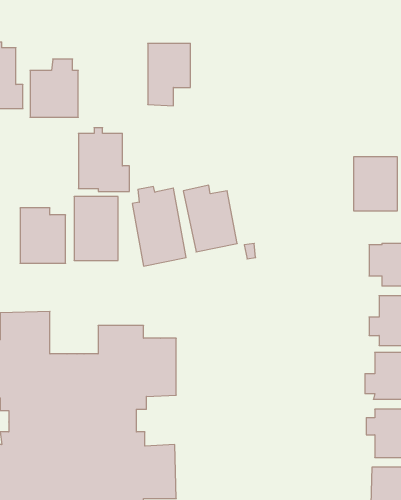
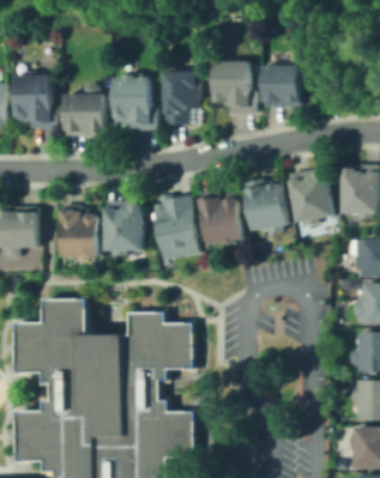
building: none -> [216,63,258,113]
building: none -> [264,66,303,107]
building: [78,128,129,191] -> [115,75,158,129]
building: none -> [285,169,336,224]
building: none -> [241,180,286,232]

